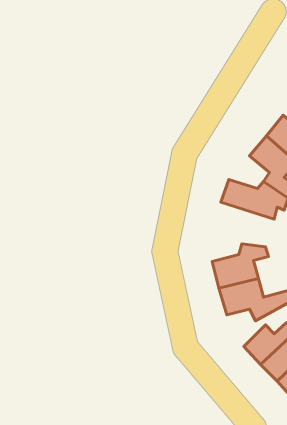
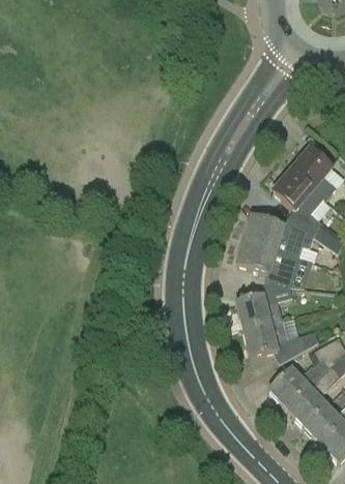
building: none -> [237,239,300,285]

